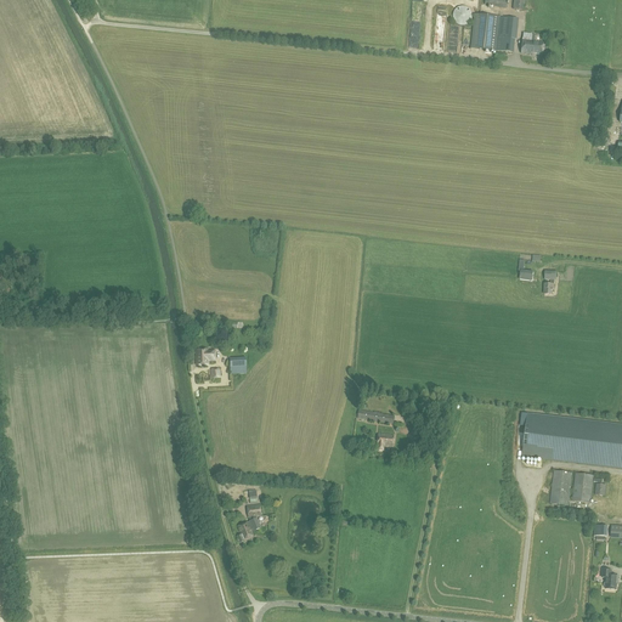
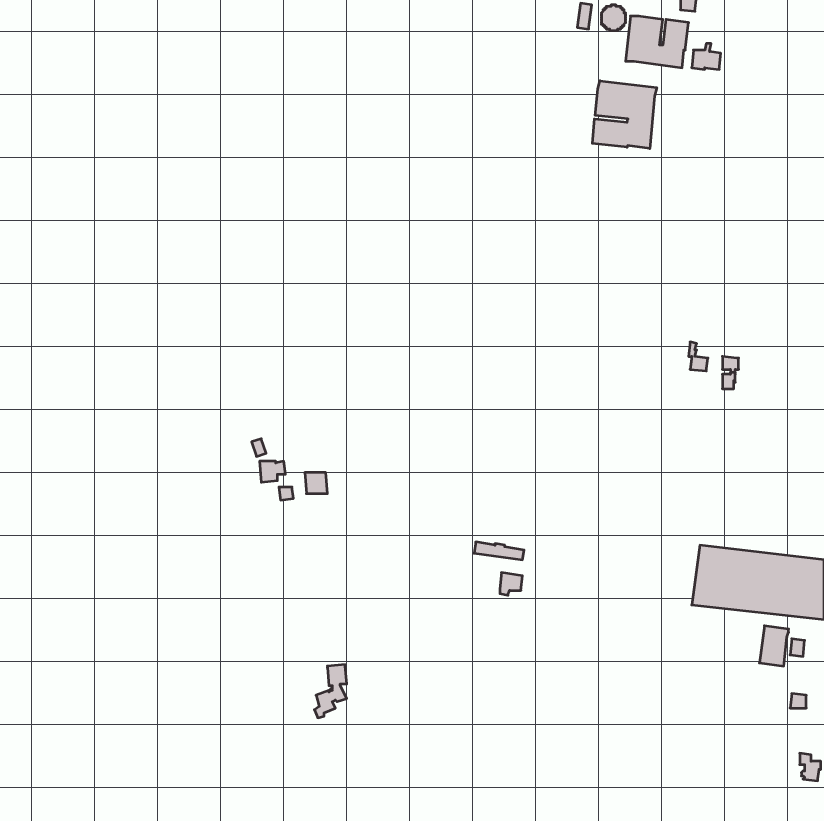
building: none -> [592,81,657,149]
building: [550,469,572,504] -> none

